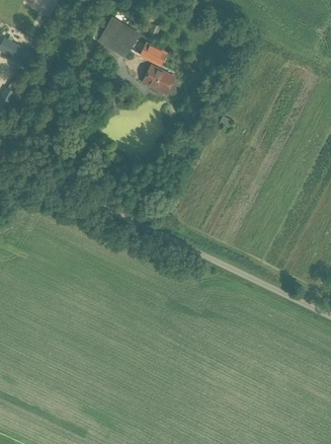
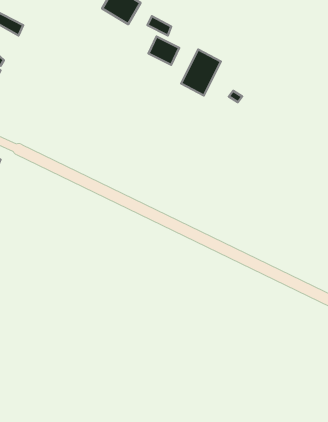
building: none -> [181,50,221,96]

